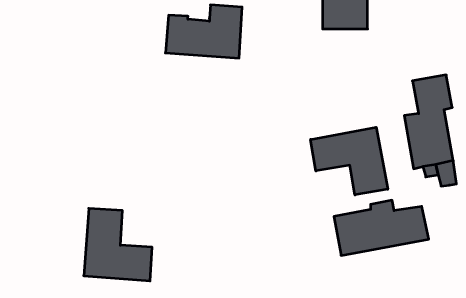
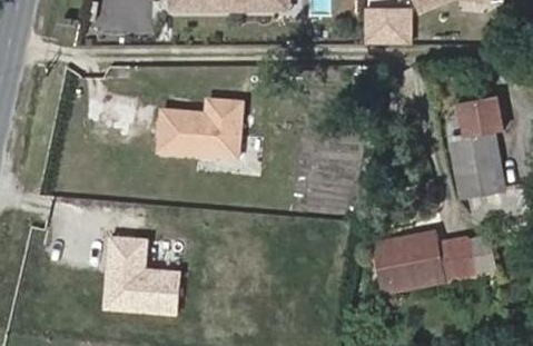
building: [165,5,242,58] -> [158,95,241,152]
building: [311,127,388,195] -> none

